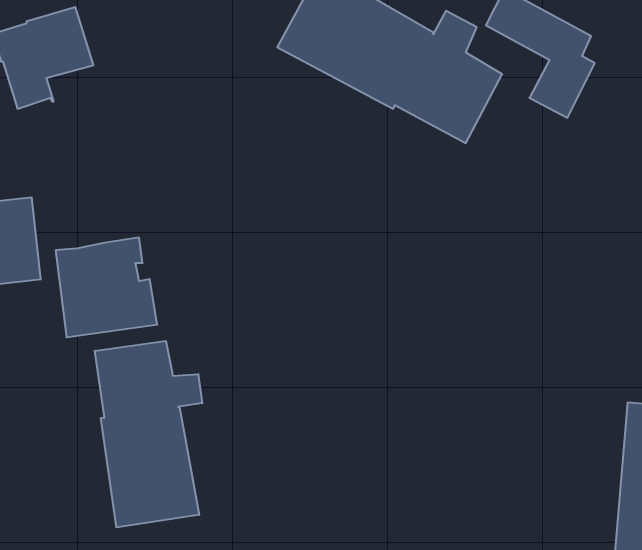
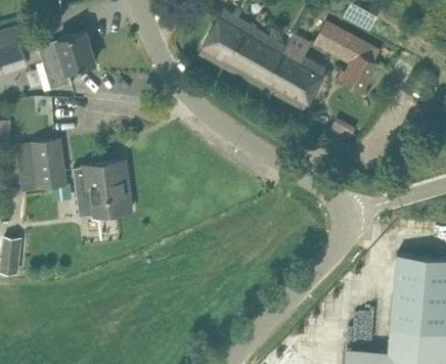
building: [95,341,202,527] -> none

